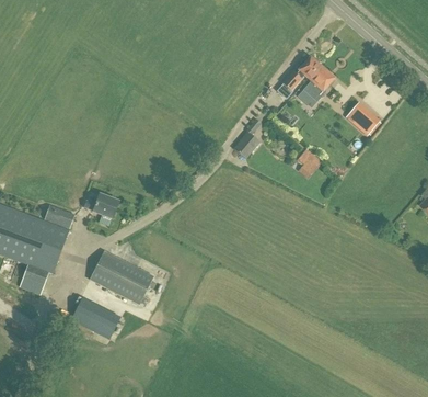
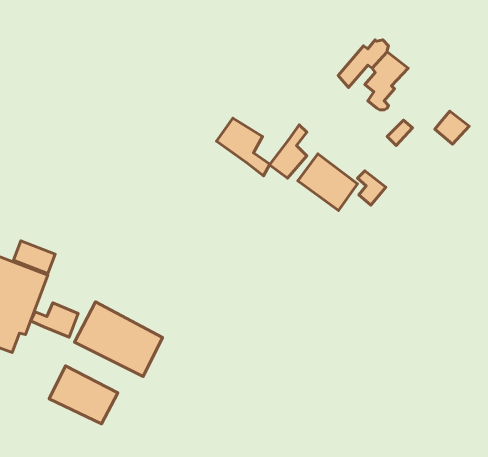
building: none -> [216,118,270,176]
building: none -> [298,154,358,210]
building: [83,193,118,218] -> [31,303,78,337]

